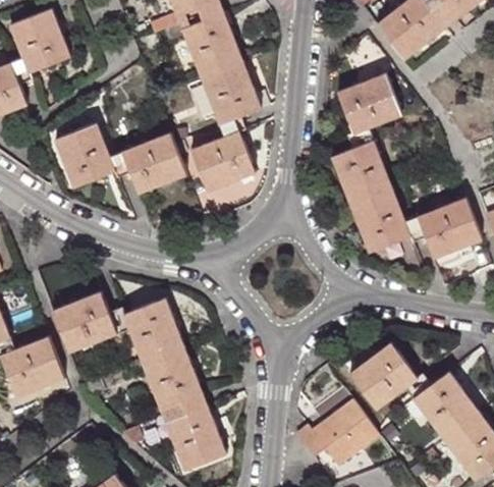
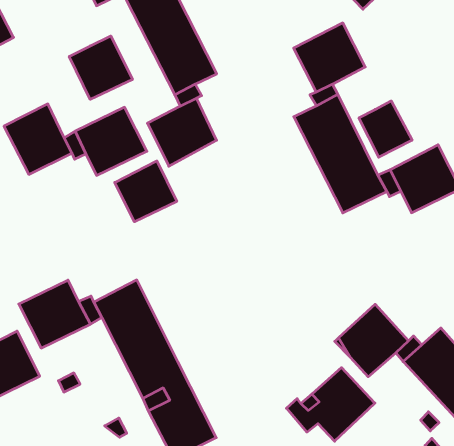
building: none -> [69,36,132,99]
building: none -> [359,101,412,157]
building: none -> [115,161,177,222]

